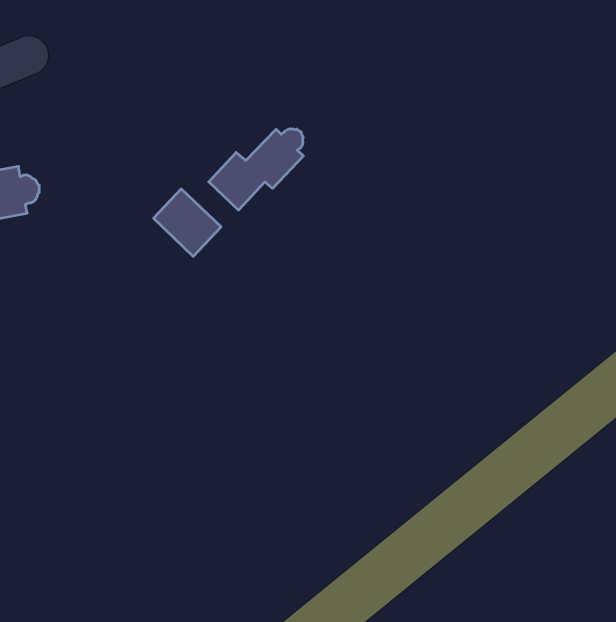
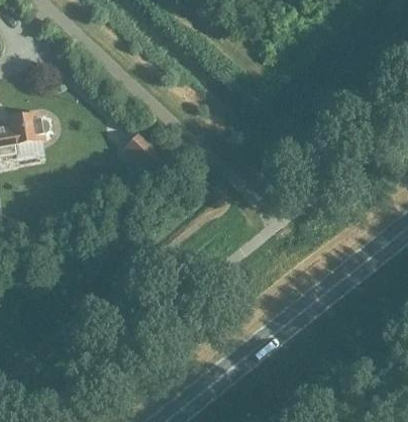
building: [209,129,303,210] -> none

